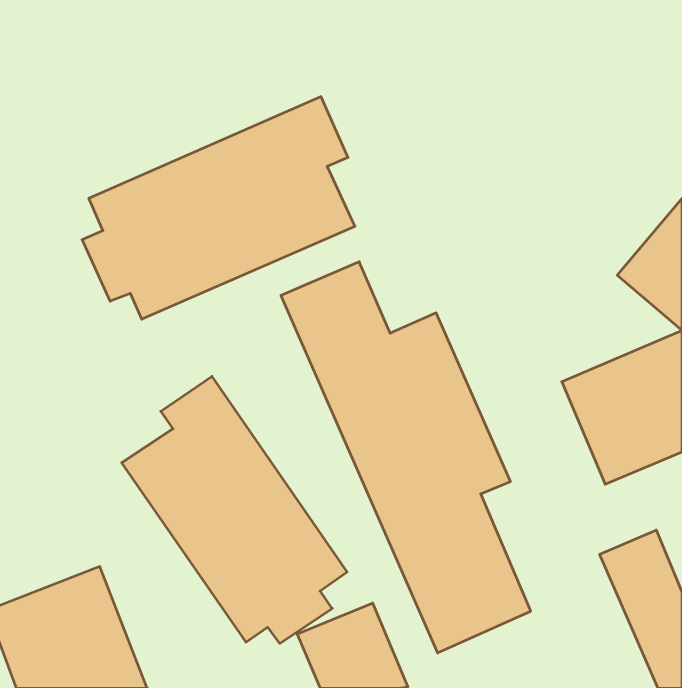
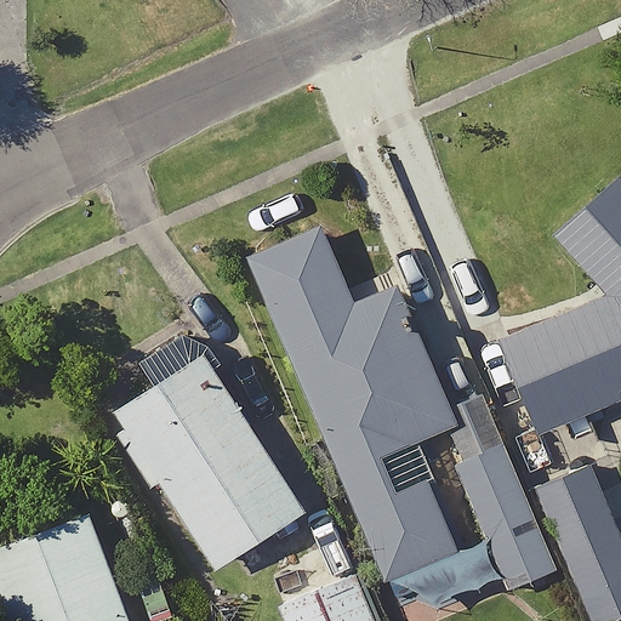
building: [82,97,355,319] -> none
building: none -> [458,448,557,591]

